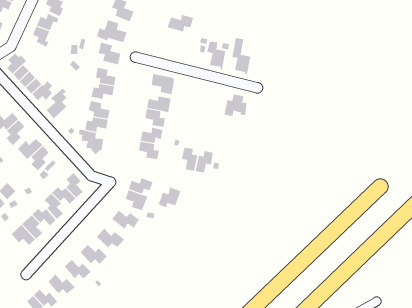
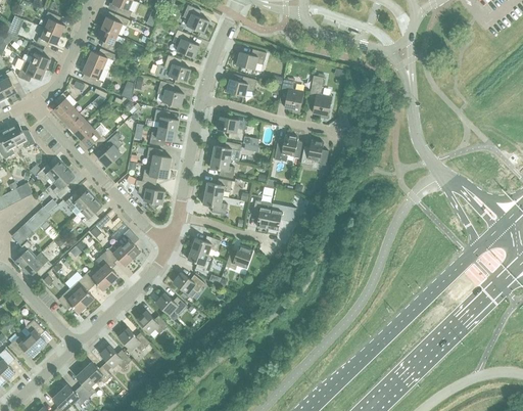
building: none -> [226,77,255,97]
building: none -> [273,135,301,162]

